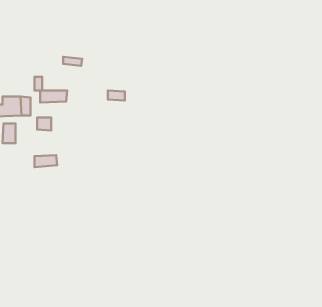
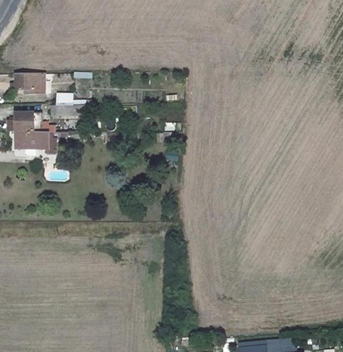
building: none -> [16,74,37,93]

